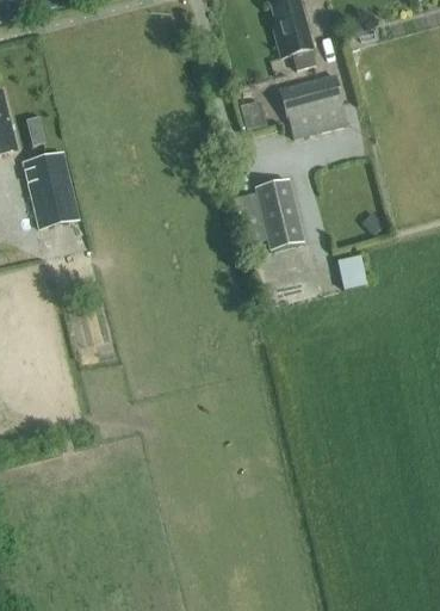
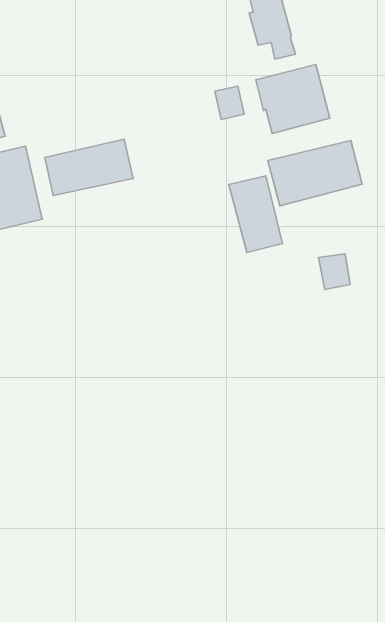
building: none -> [45,139,133,195]
building: none -> [268,140,362,206]

